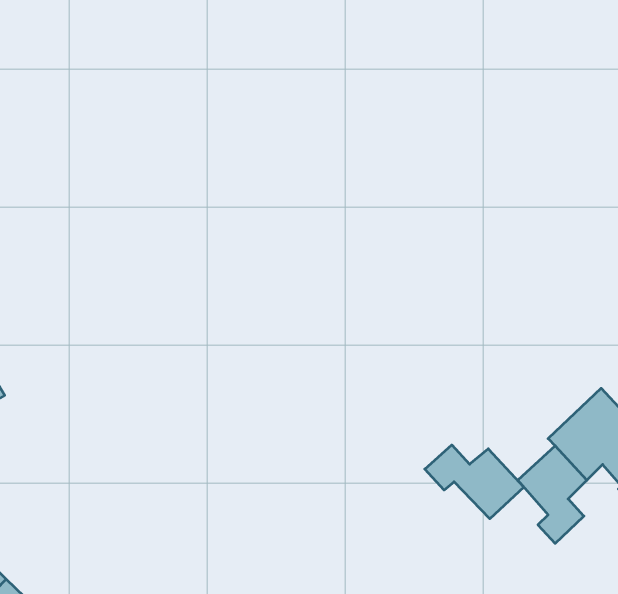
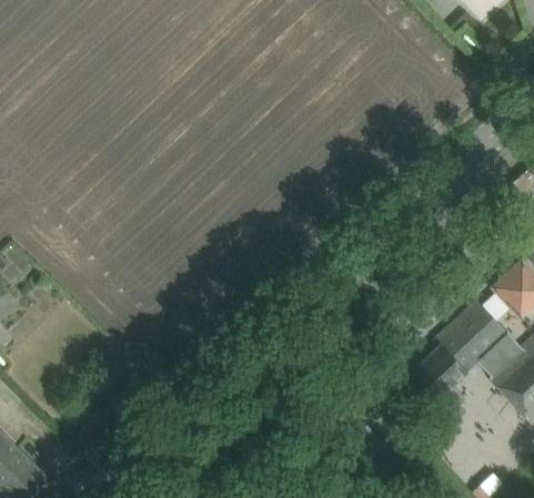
building: [425,445,524,519] -> none

